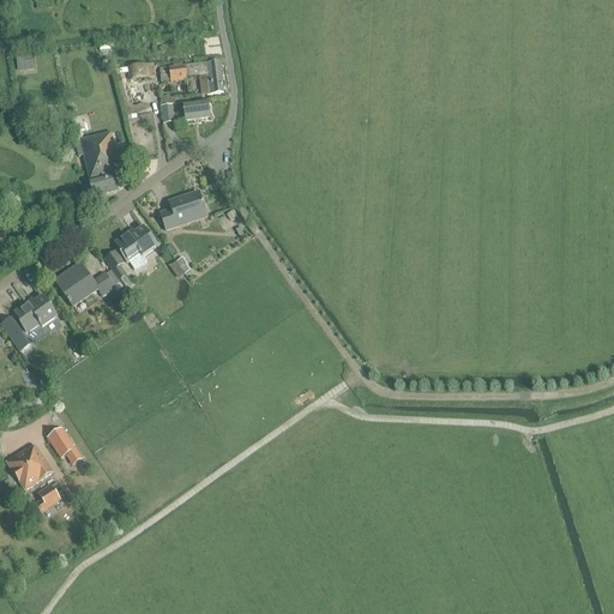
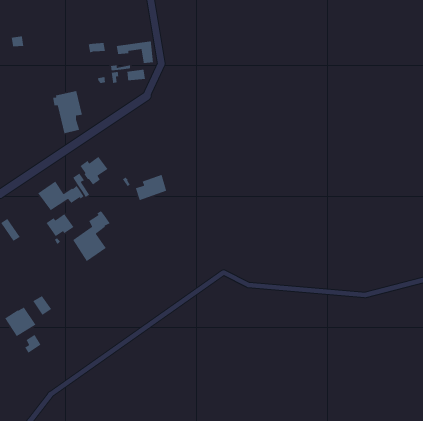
building: [159,189,206,229] -> [135,174,167,201]
building: [14,295,56,330] -> [46,213,74,237]
building: none -> [72,210,111,262]

